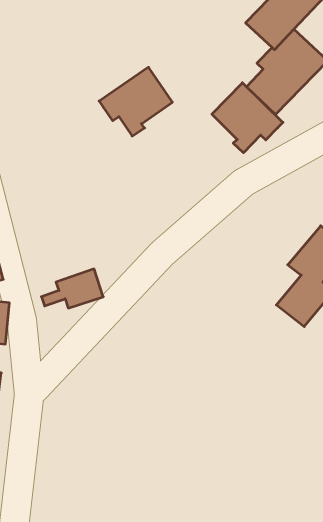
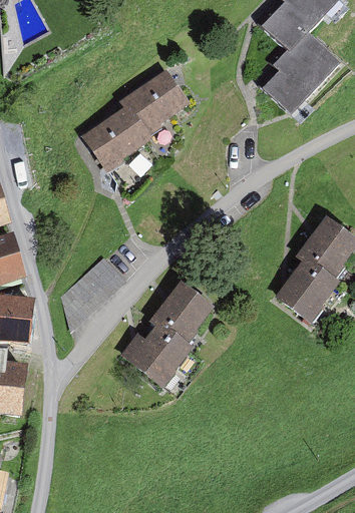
building: [212,83,283,153] -> none
building: none -> [78,107,150,173]
building: none -> [139,288,219,392]

